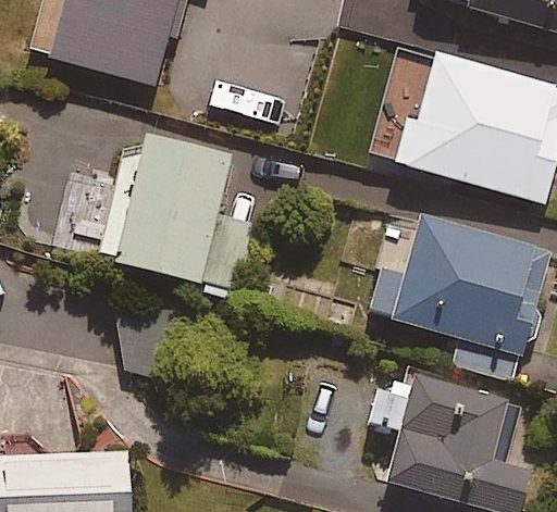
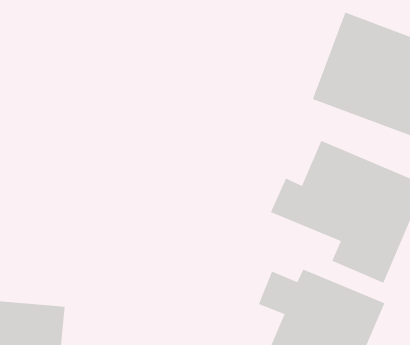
building: [104,128,255,290] -> none

